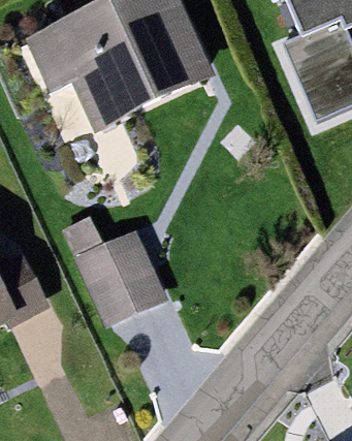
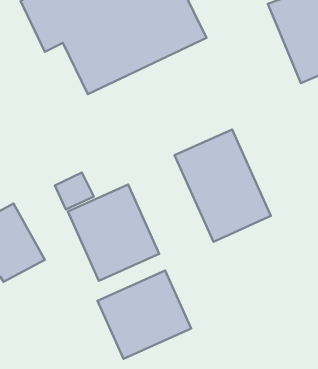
building: none -> [175,129,271,242]
building: none -> [98,270,191,359]

